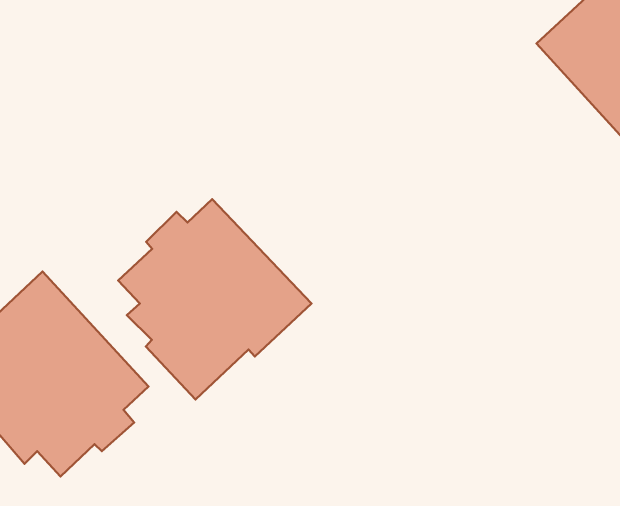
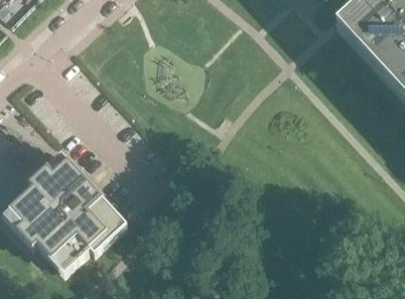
building: [118,199,312,400] -> none

